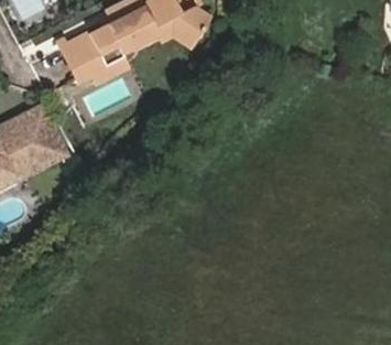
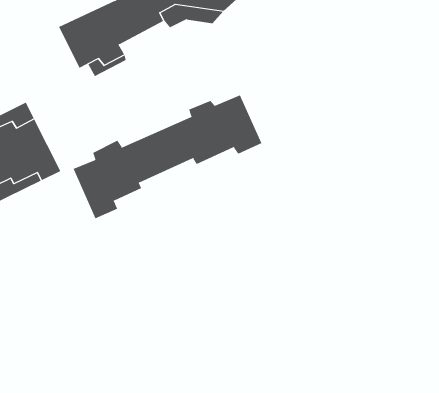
building: none -> [73,95,262,219]

